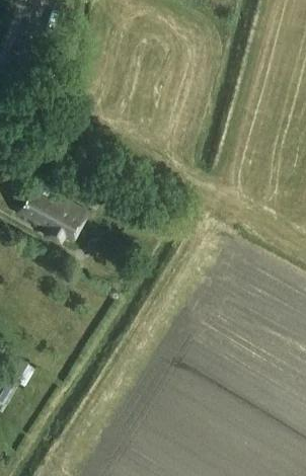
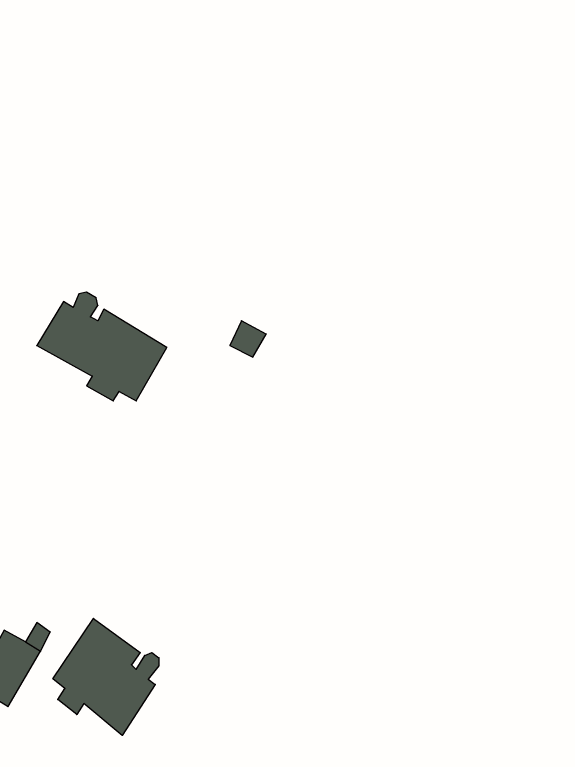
building: none -> [53,618,159,735]

